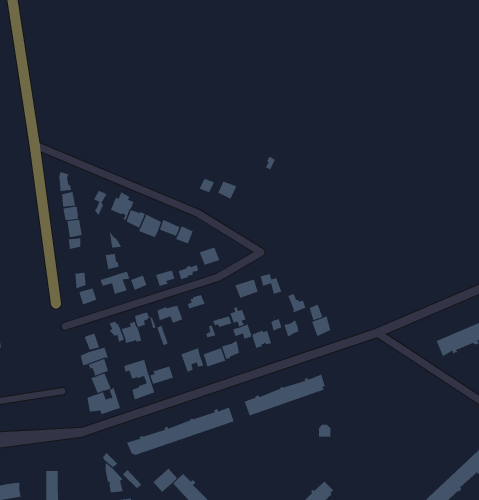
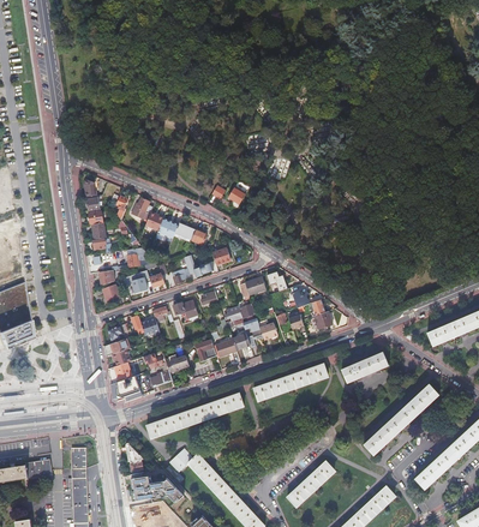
building: none -> [340,351,388,382]
building: none -> [363,383,438,455]

